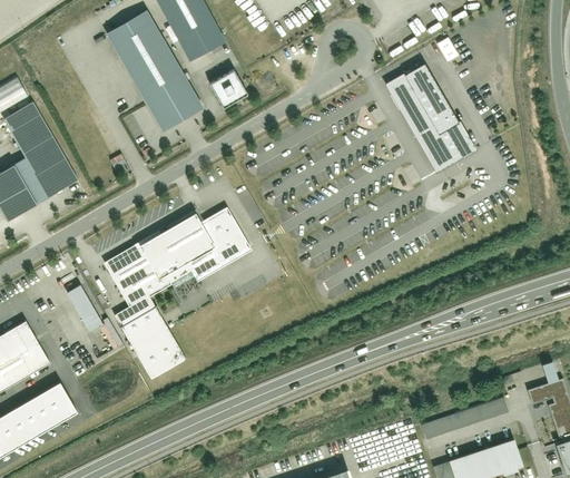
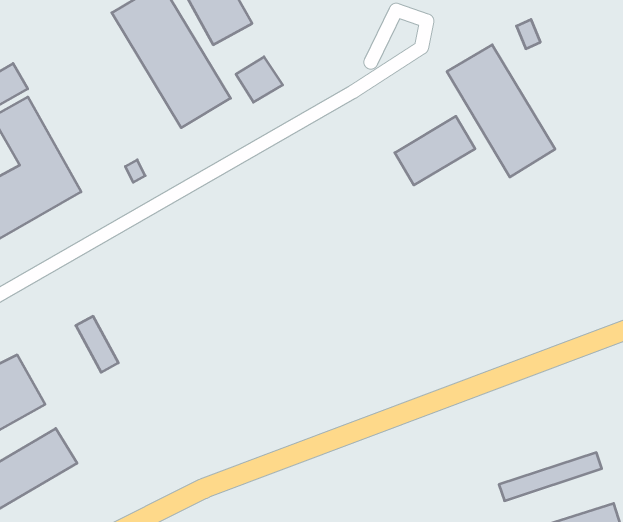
building: none -> [395,116,475,185]
building: [102,205,250,378] -> none

